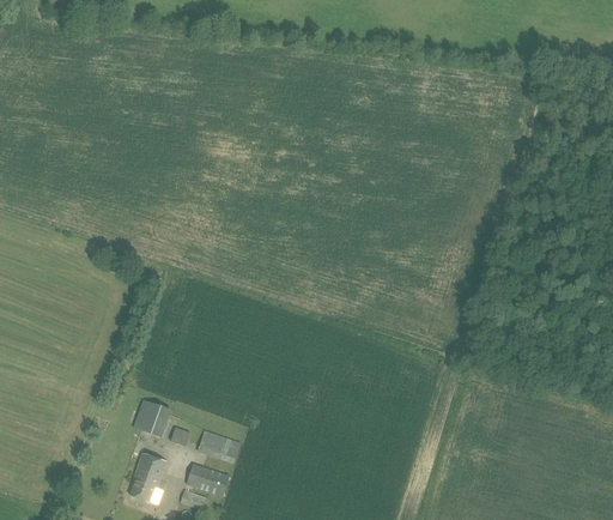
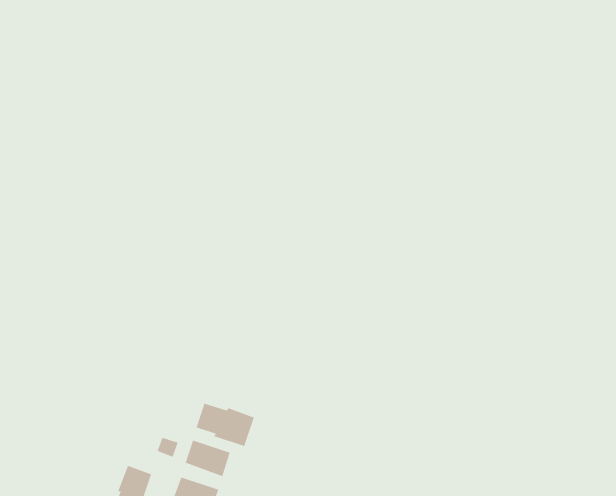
building: none -> [196,403,254,447]
building: [133,399,170,436] -> none

